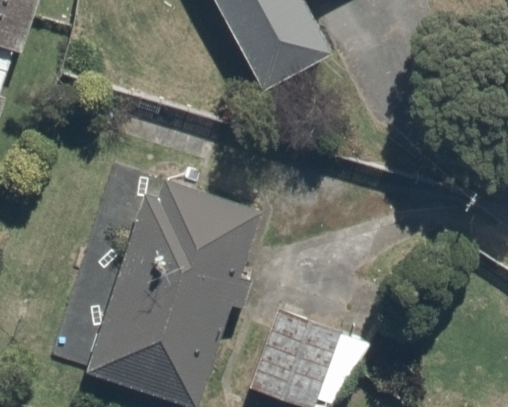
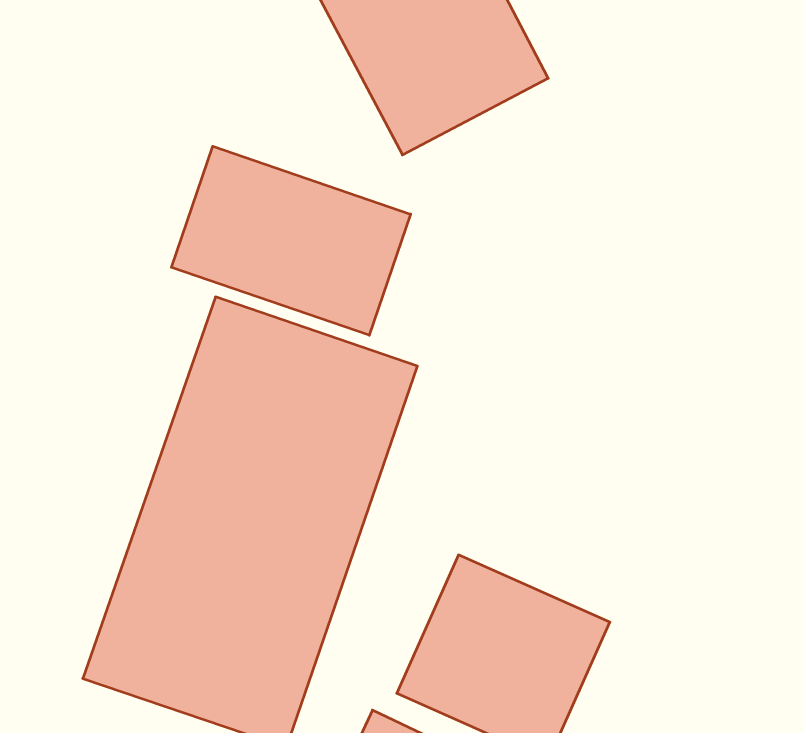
building: none -> [171,146,411,335]

